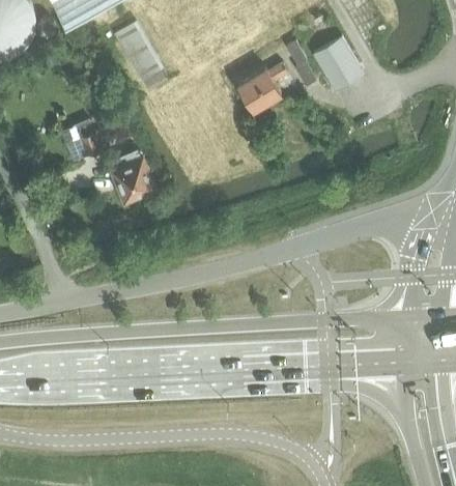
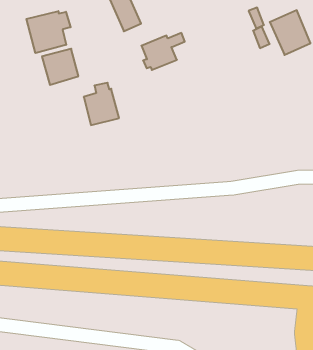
building: [239,63,288,110] -> [141,33,185,70]
building: none -> [26,11,71,53]

